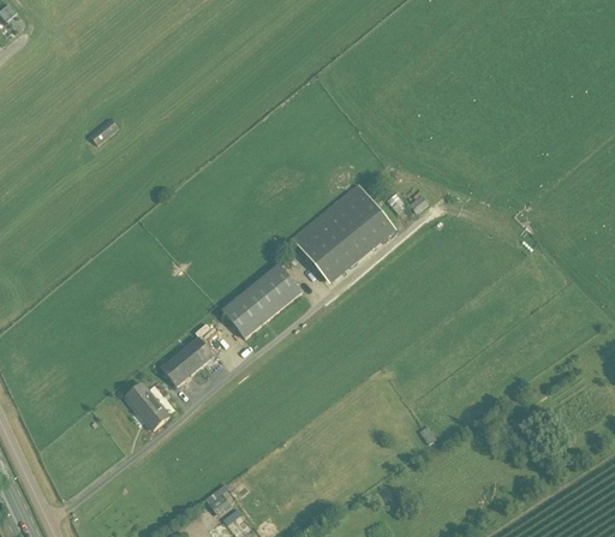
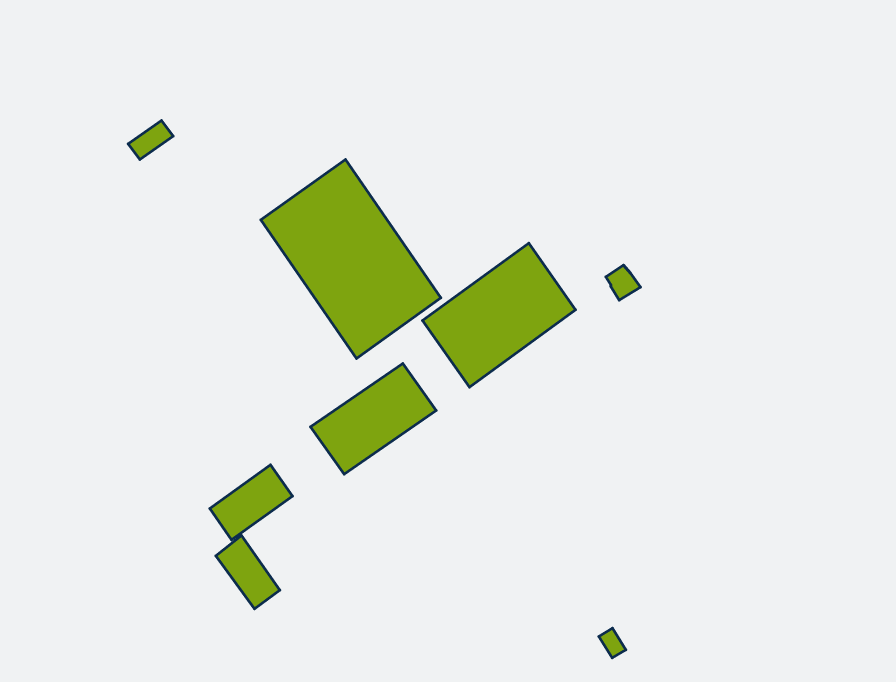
building: none -> [261,159,441,358]
building: [126,383,169,430] -> [216,535,280,609]

